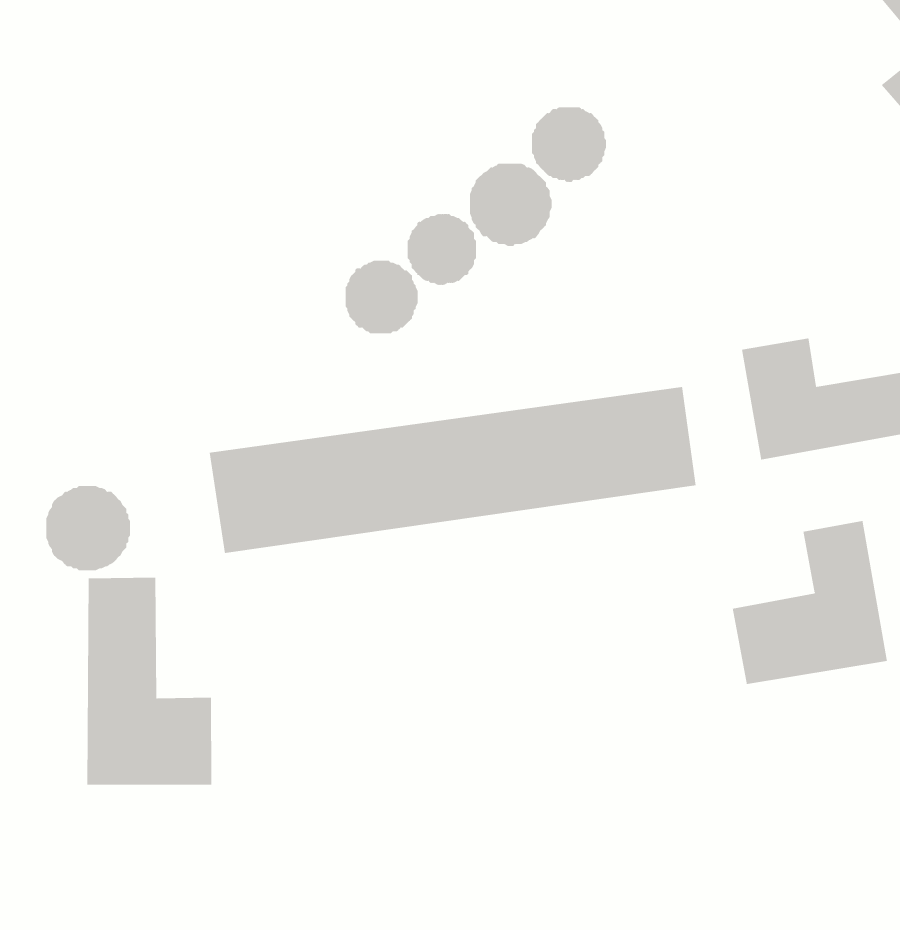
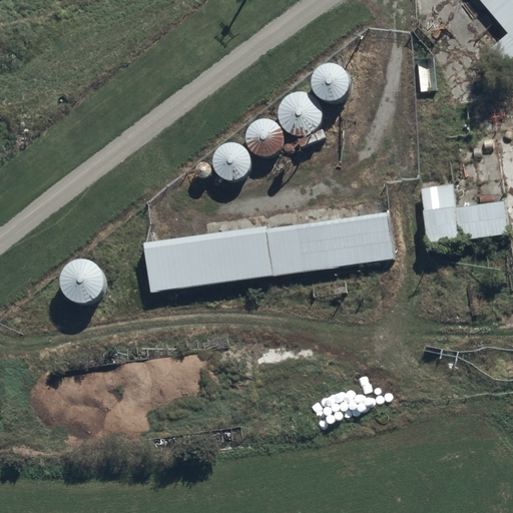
building: [732,520,888,685] -> none
building: [87,577,212,785] -> none

